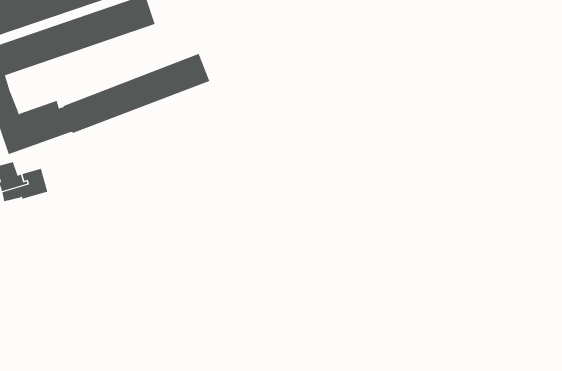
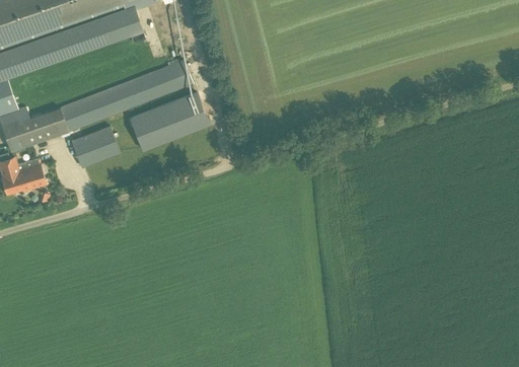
building: none -> [128,92,207,149]
building: none -> [69,125,119,168]

